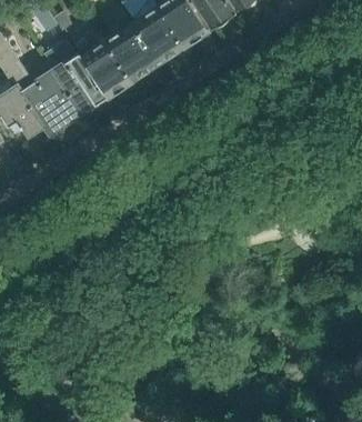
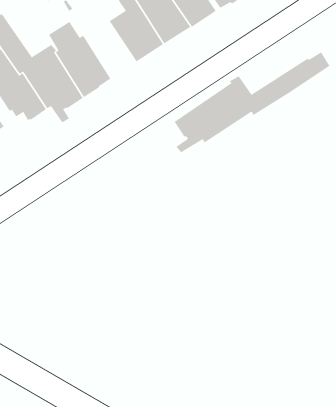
building: [77,41,134,98] -> none
building: none -> [174,52,330,153]

